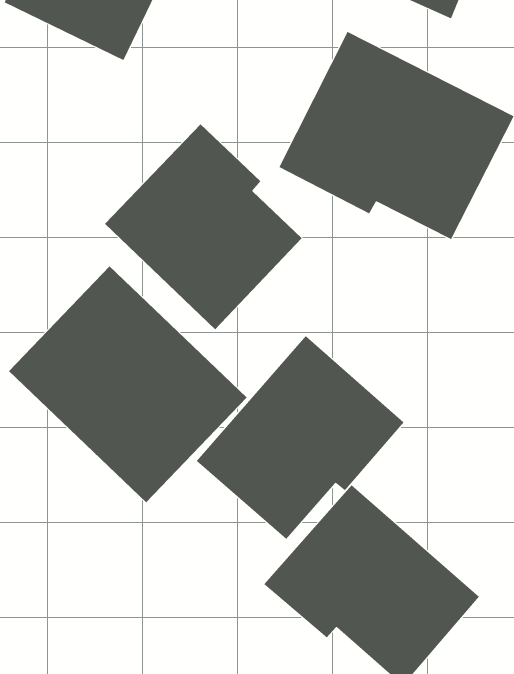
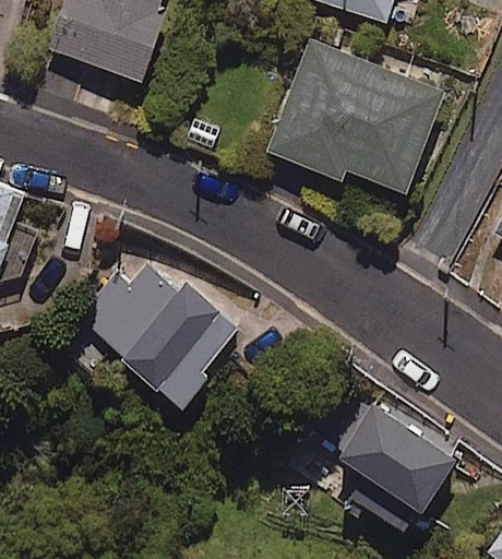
building: [104,124,302,330] -> none
building: [196,335,405,540] -> none

